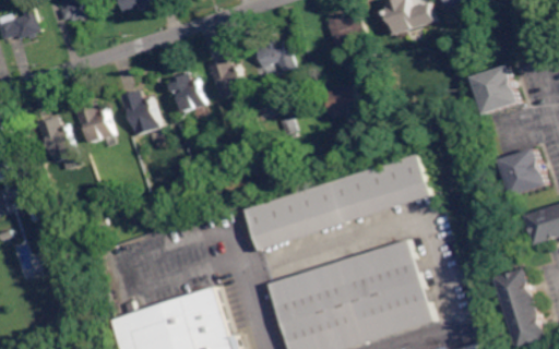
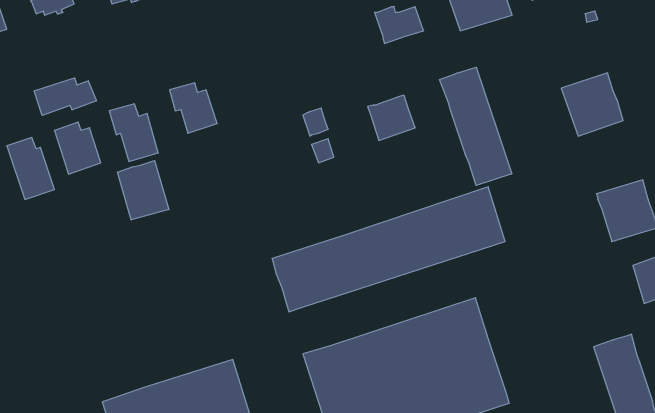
building: [251,39,289,72] -> none
building: [204,60,241,98] -> none
building: none -> [439,67,512,185]
building: none -> [34,78,96,115]
building: none -> [118,161,169,220]

